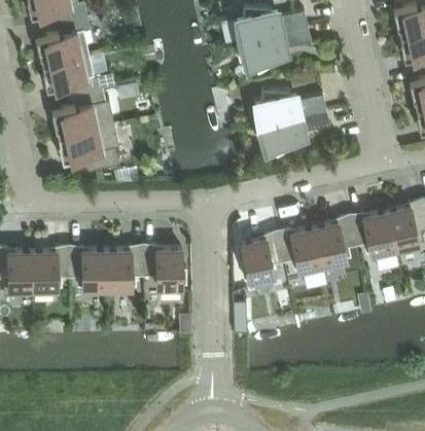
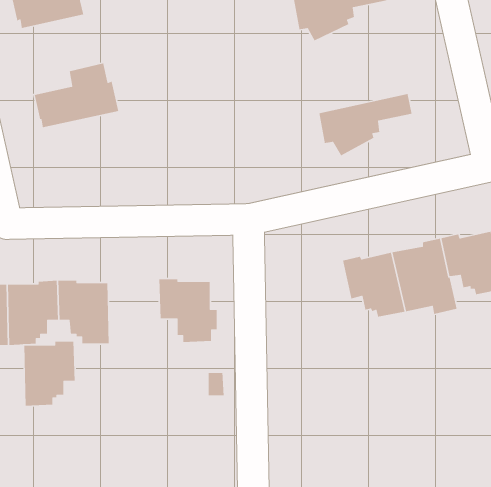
building: [42,53,103,95] -> none
building: [255,91,326,125] -> none
building: [58,124,119,171] -> none
building: [241,234,284,288] -> none
building: [106,247,144,295] -> [24,341,75,407]

